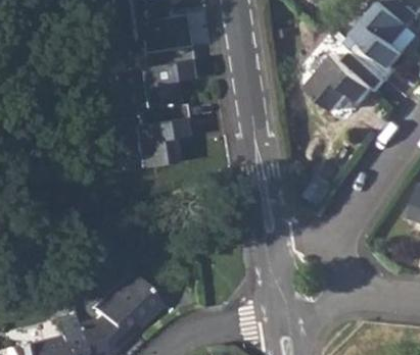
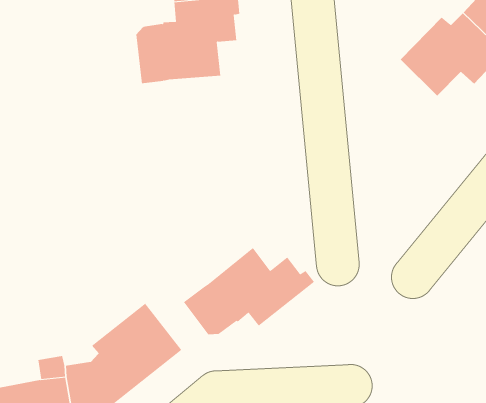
building: [114,103,187,170] -> none
building: none -> [183,247,315,335]

